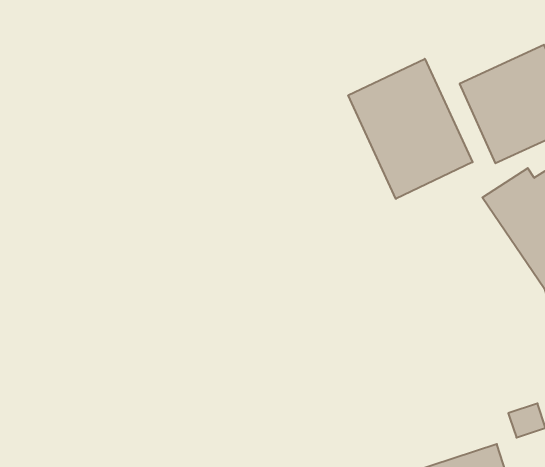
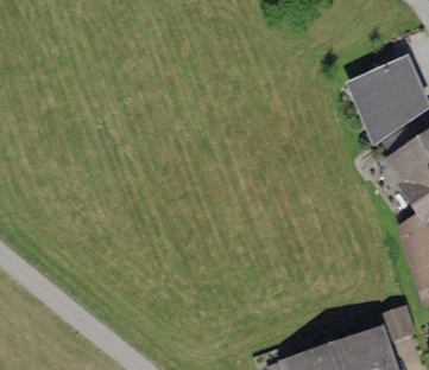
building: [348,59,473,199] -> none

